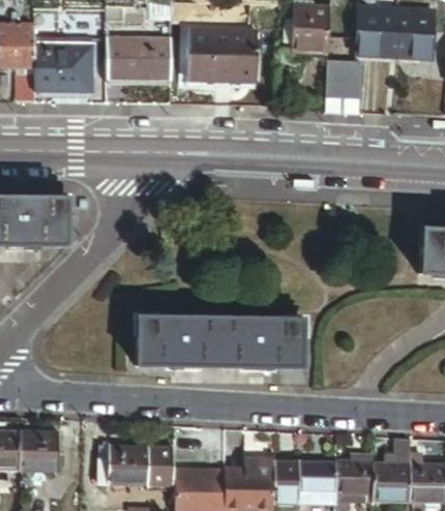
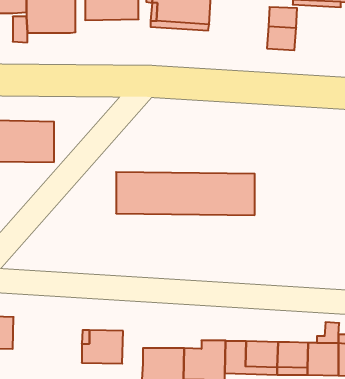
building: [137,315,303,367] -> [116,172,255,215]
building: [19,431,58,471] -> none
building: [150,448,175,487] -> none

